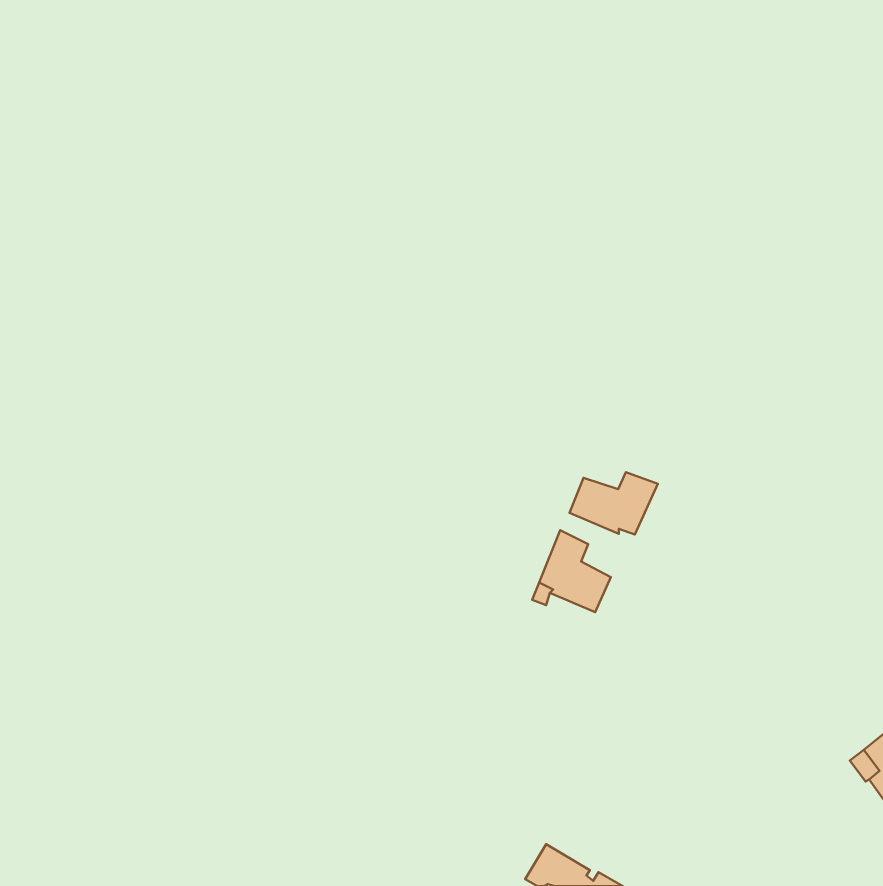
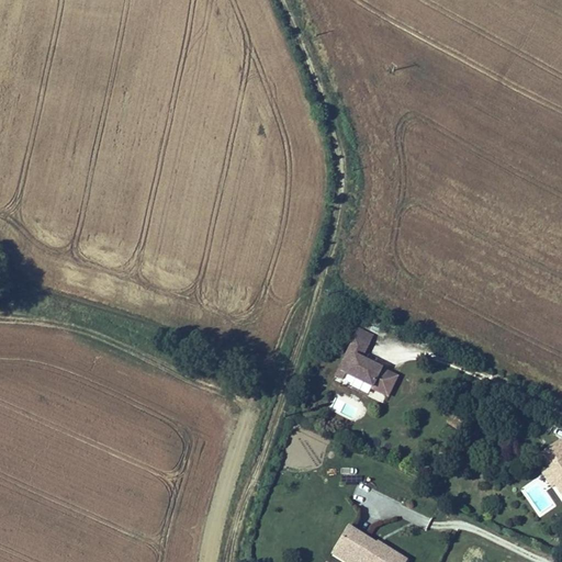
building: [570,472,658,535] -> none

